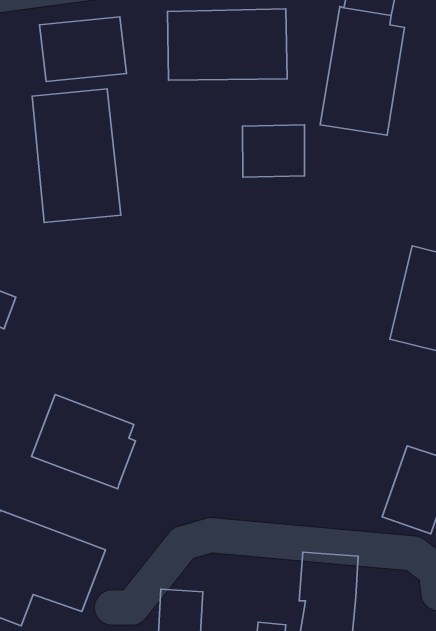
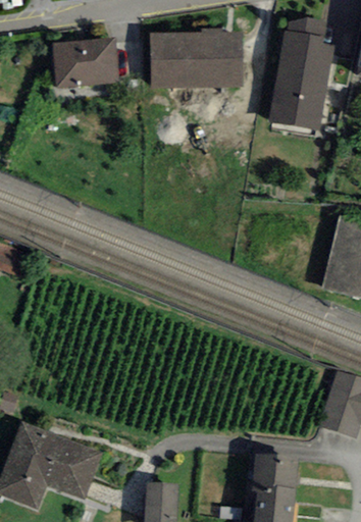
building: [32,89,121,223] -> none
building: [242,125,305,177] -> none
building: [31,394,135,489] -> none

